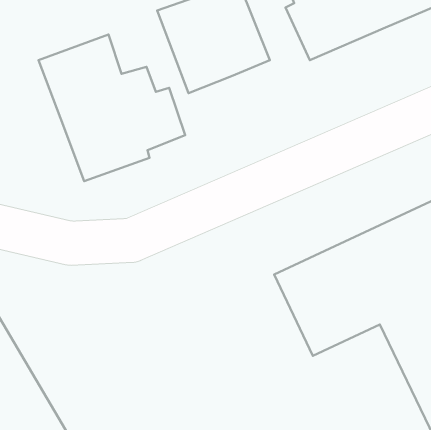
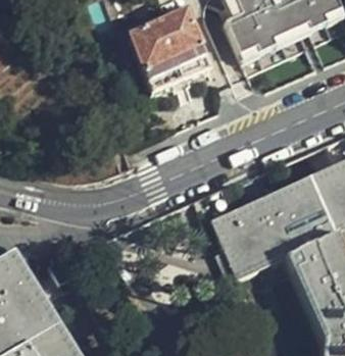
building: [38,35,185,181] -> none

